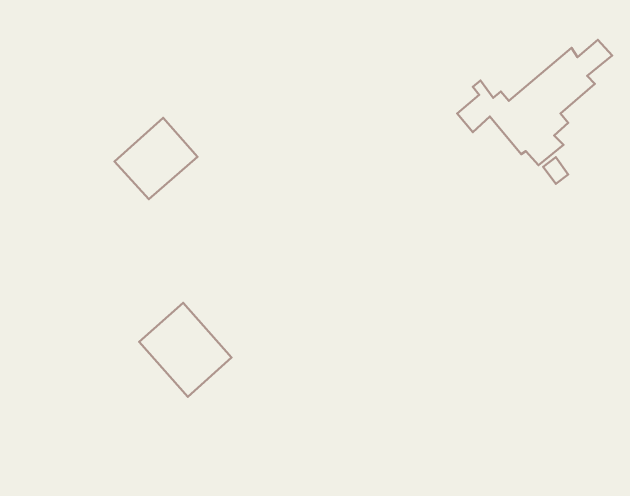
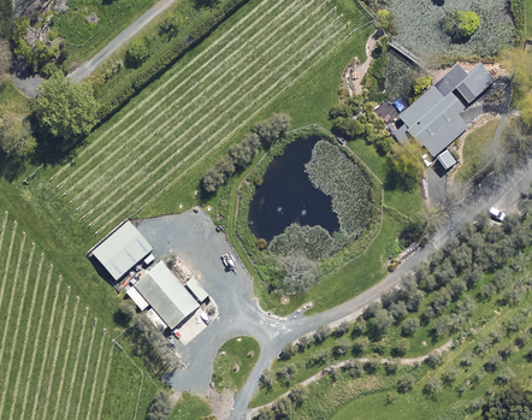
building: [115,118,198,199] -> [93,217,156,279]

